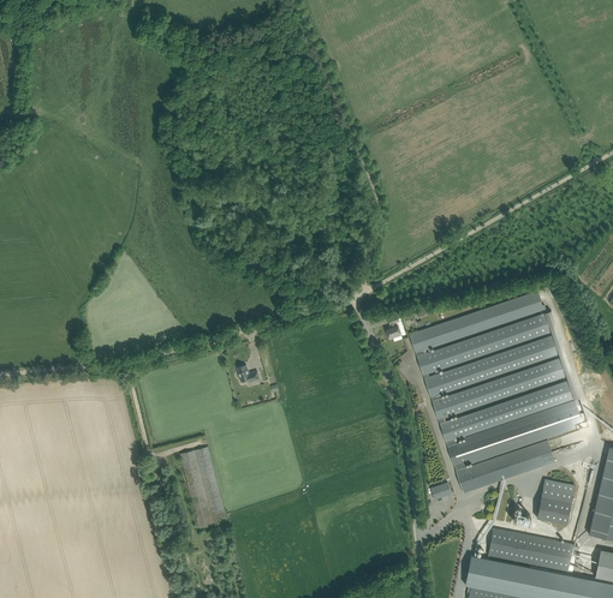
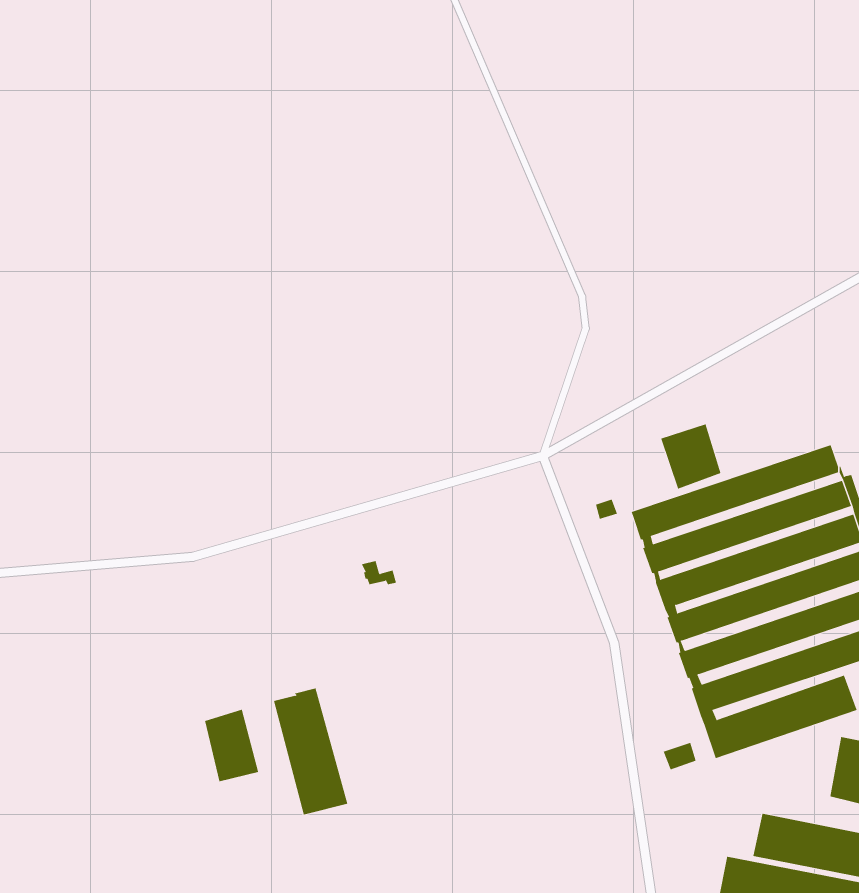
building: none -> [661,423,721,489]
building: none -> [204,709,259,782]

